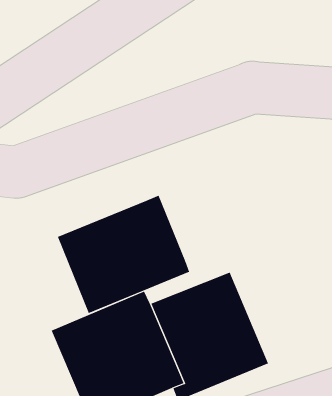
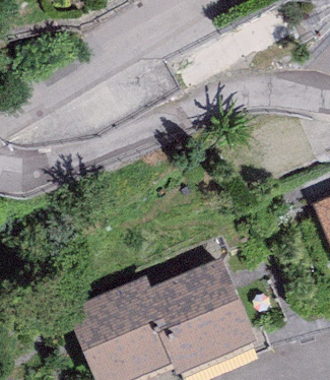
building: [57,195,190,314] -> none

